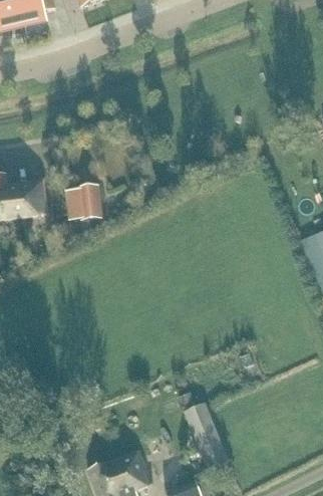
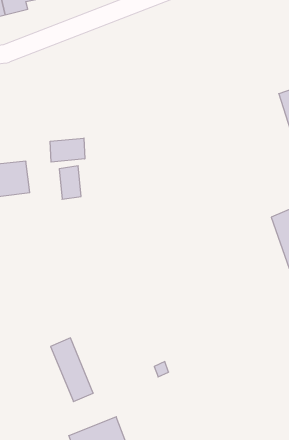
building: none -> [50,138,85,162]
building: [183,401,228,468] -> [51,338,93,402]

